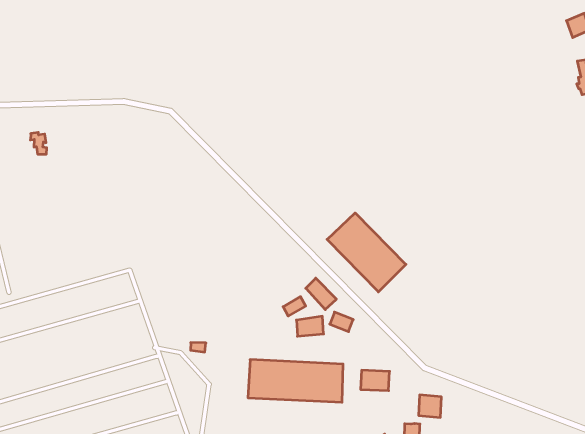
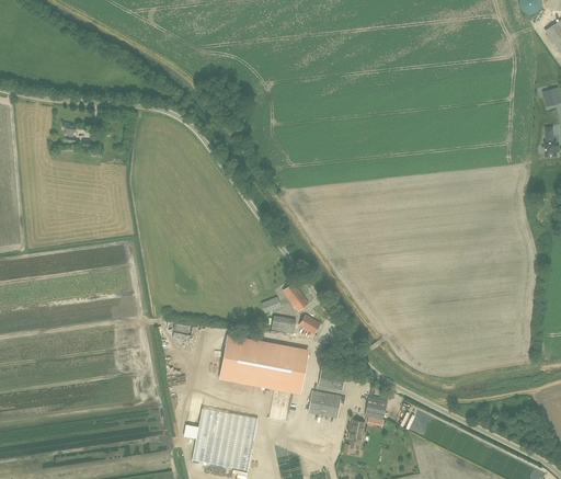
building: [327,213,406,292] -> none
building: none -> [308,389,341,417]

